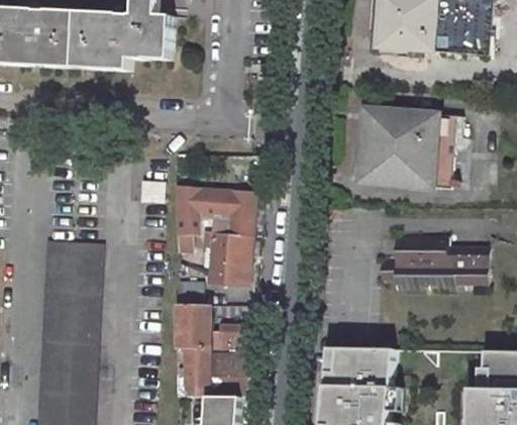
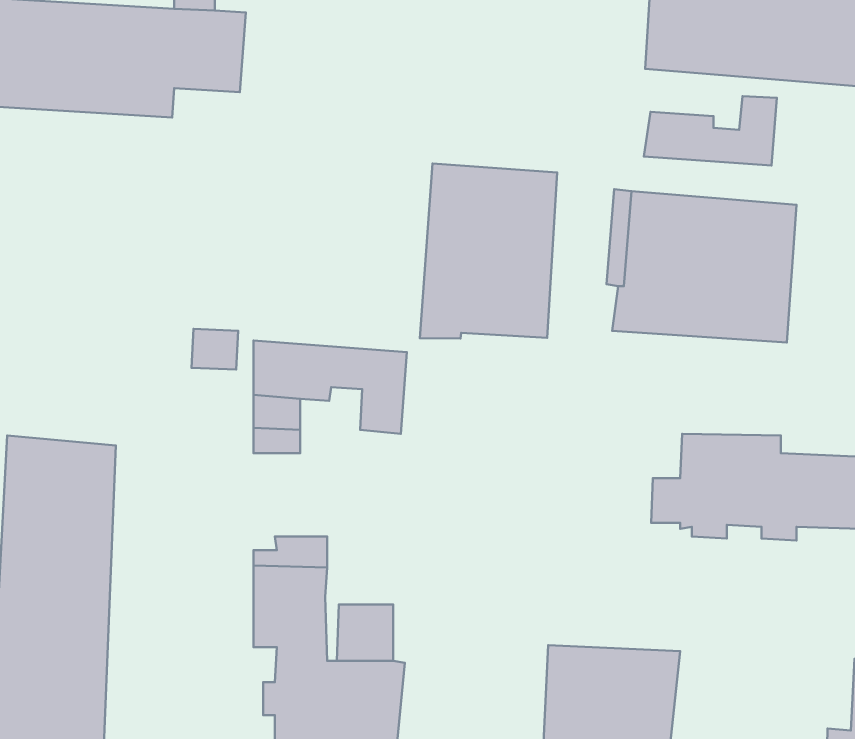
building: none -> [644,96,777,166]
building: none -> [420,164,557,339]
building: [208,211,249,284] -> none

